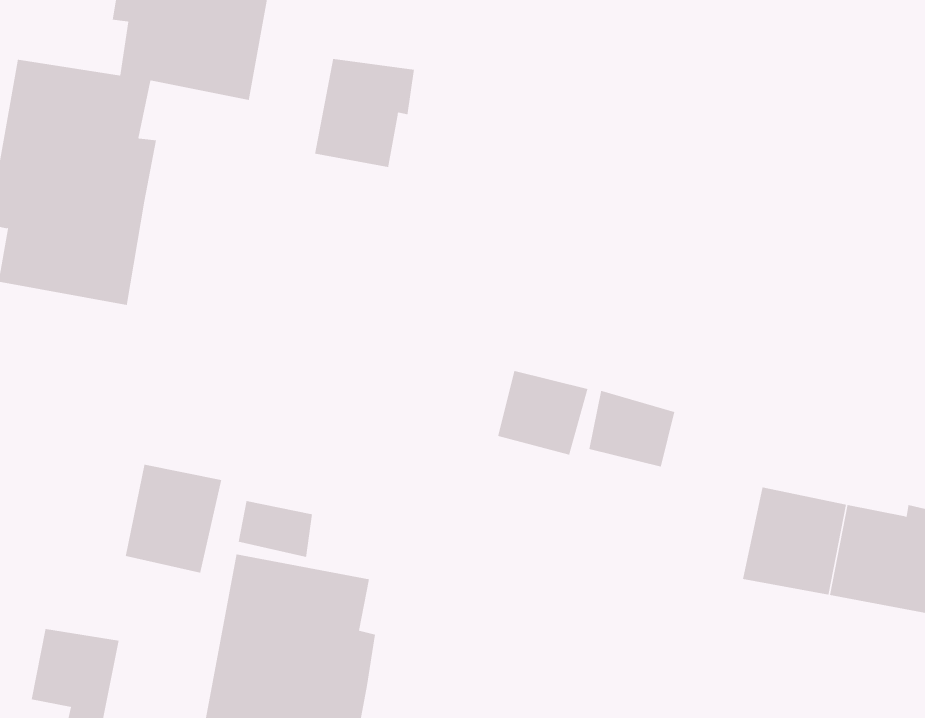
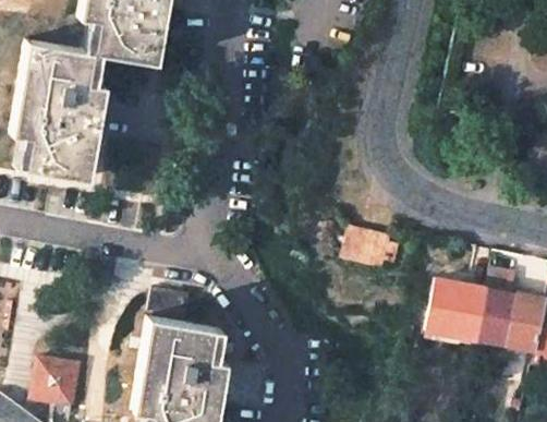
building: [315,58,415,168] -> none
building: [497,370,588,456] -> none
building: [125,464,222,573] -> none

